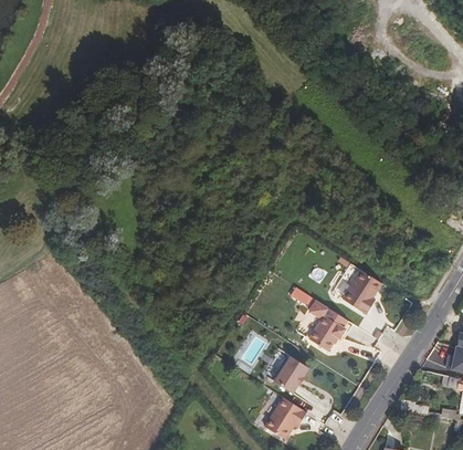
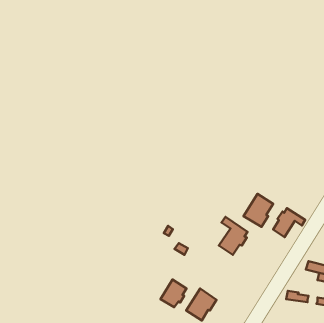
building: none -> [273,208,305,237]
building: [272,355,307,393] -> [160,279,187,307]

